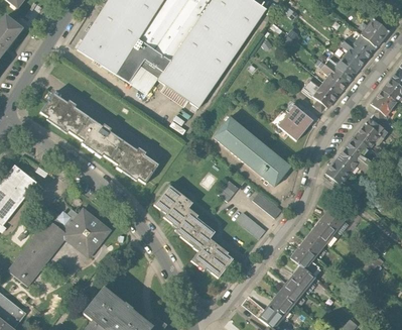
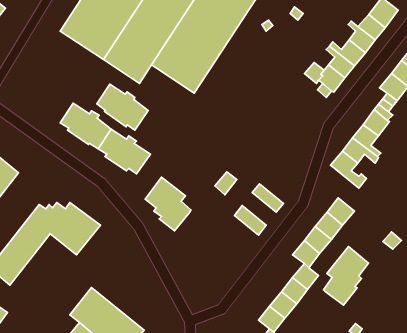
building: [40,92,88,134] -> [97,84,148,130]
building: [278,104,313,139] -> none
building: [213,116,289,186] -> none
building: [179,217,233,276] -> none
building: none -> [324,246,369,305]

